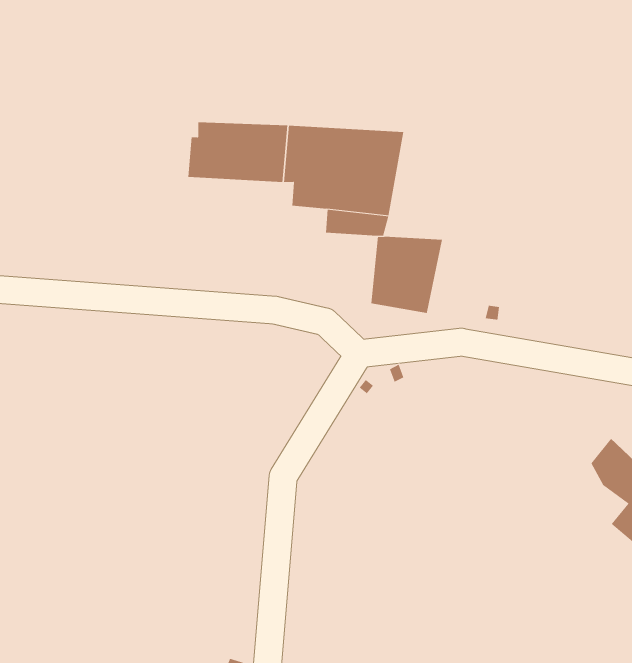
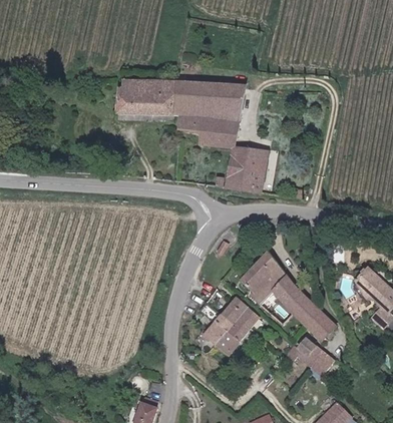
building: none -> [241,254,333,341]
building: none -> [203,297,260,355]
building: none -> [284,337,332,373]

